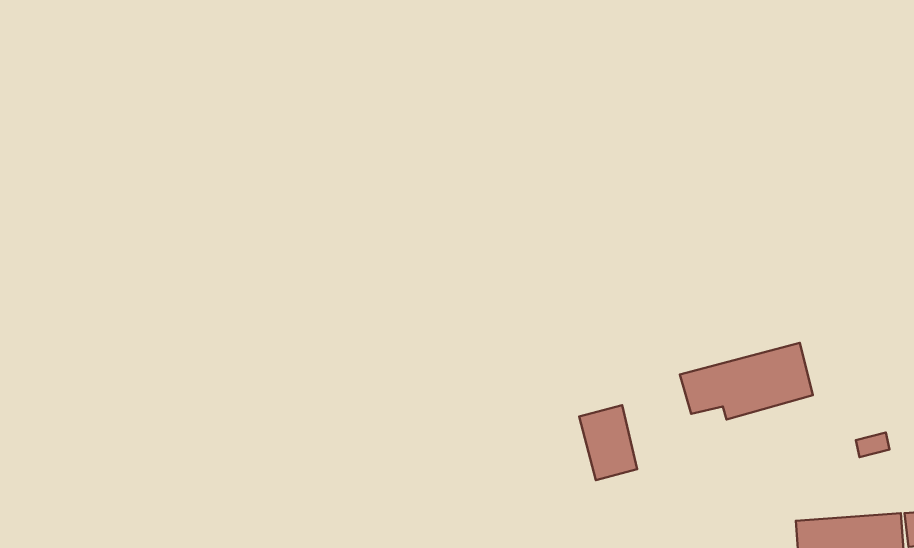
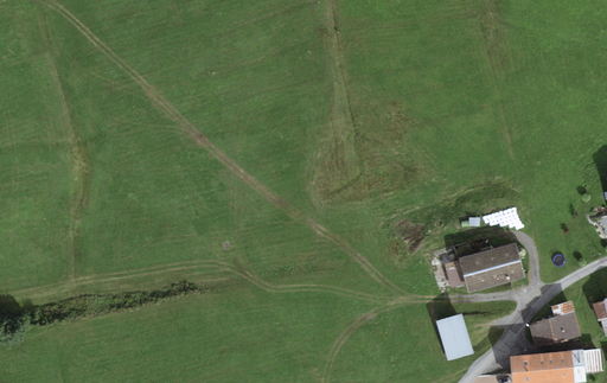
building: [579,405,637,480] -> [436,312,473,359]
building: none -> [536,315,569,345]

